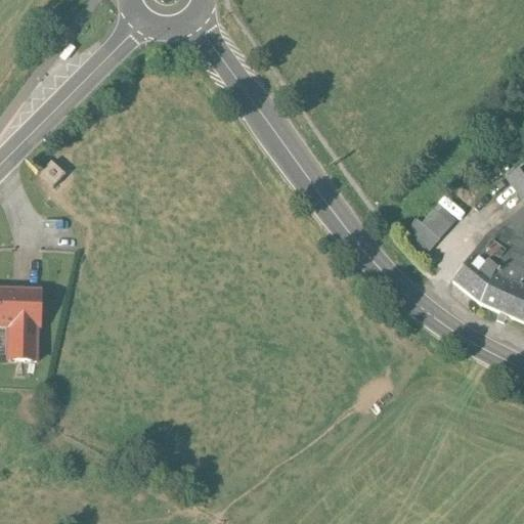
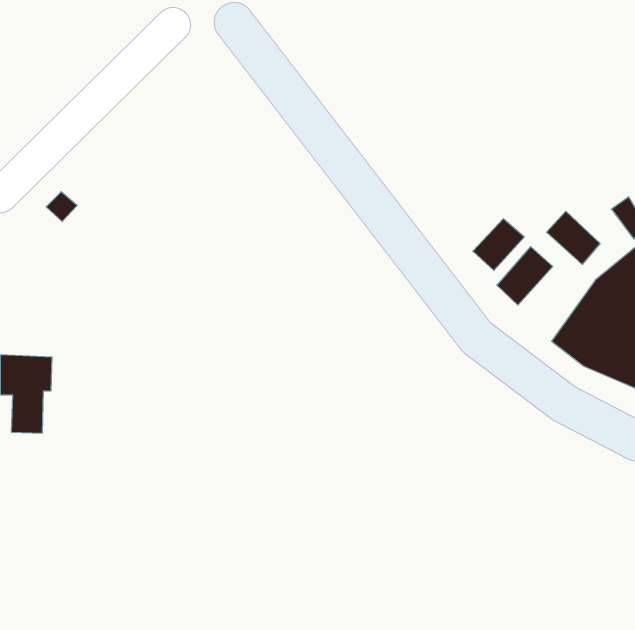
building: none -> [546,211,600,264]
building: none -> [473,219,524,271]

